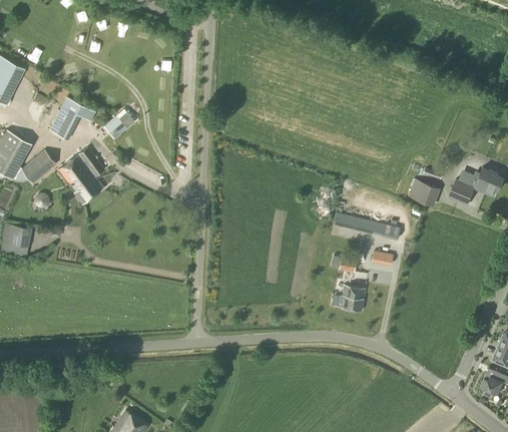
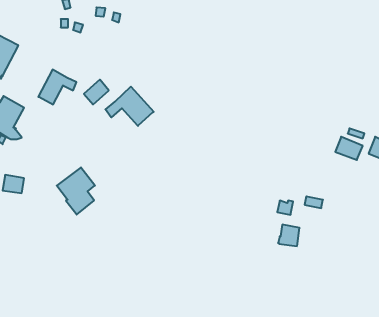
building: none -> [105,87,154,126]
building: [58,146,104,203] -> [57,167,95,215]
building: [21,149,56,183] -> none
building: [333,211,400,241] -> none

